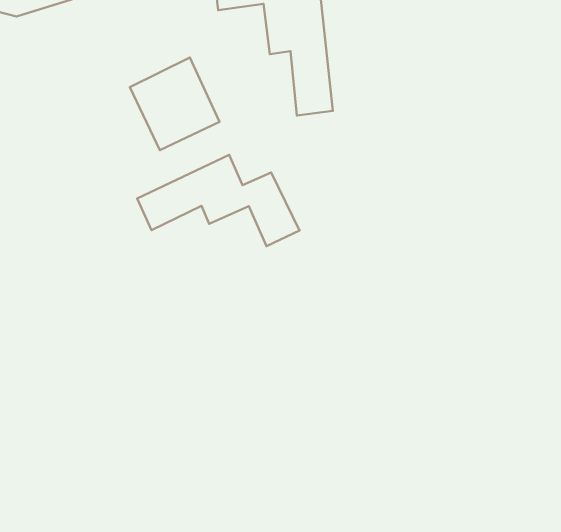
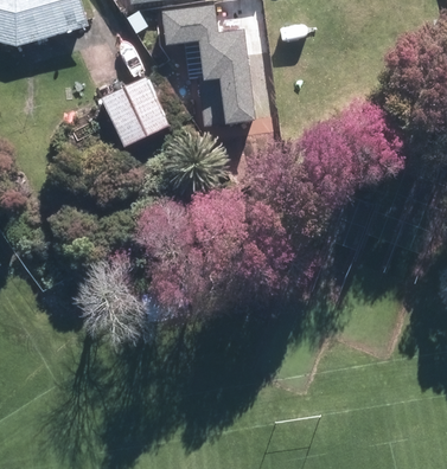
building: [137,155,300,246] -> none

